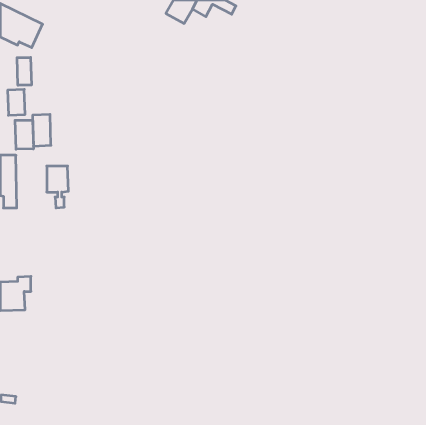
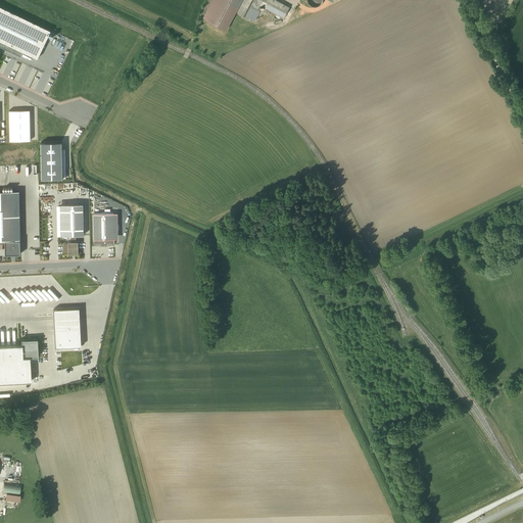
building: [17,57,31,85] -> none
building: [15,120,33,149] -> none
building: none -> [93,213,118,241]
building: none -> [54,308,81,347]

